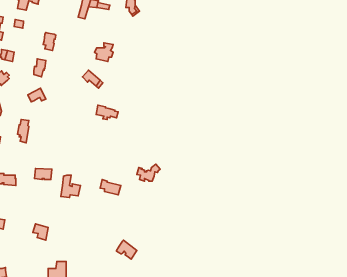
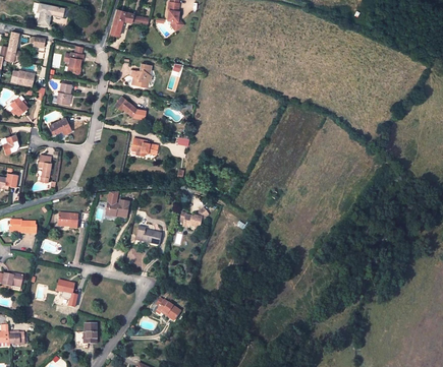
building: [61,175,81,198] -> [106,190,129,217]

